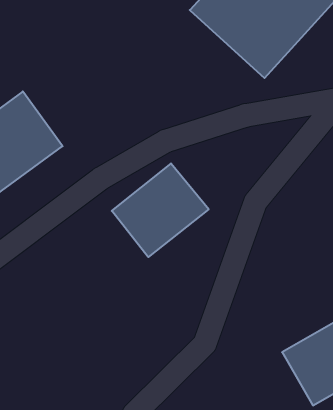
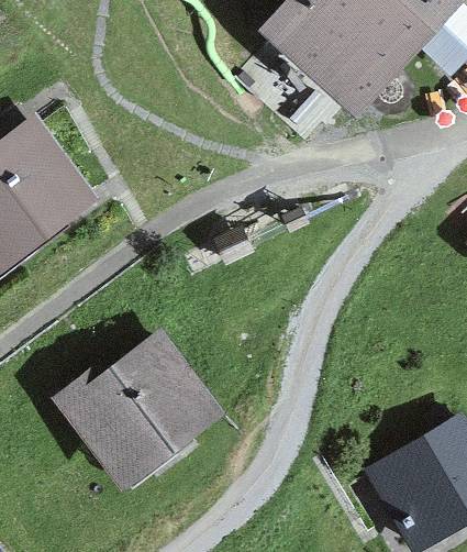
building: [112,163,209,257] -> none
building: none -> [67,344,218,479]

